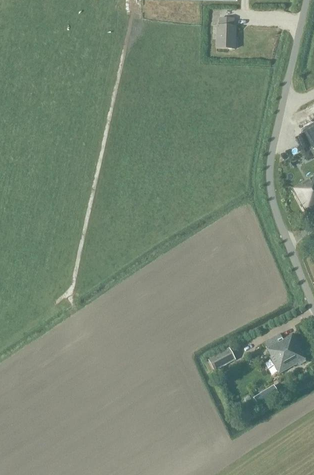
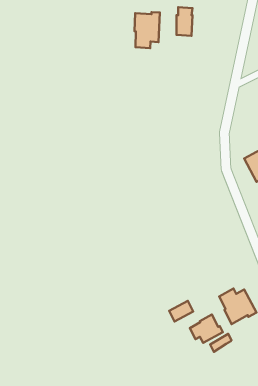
building: none -> [135,12,160,48]
building: none -> [190,314,223,343]

